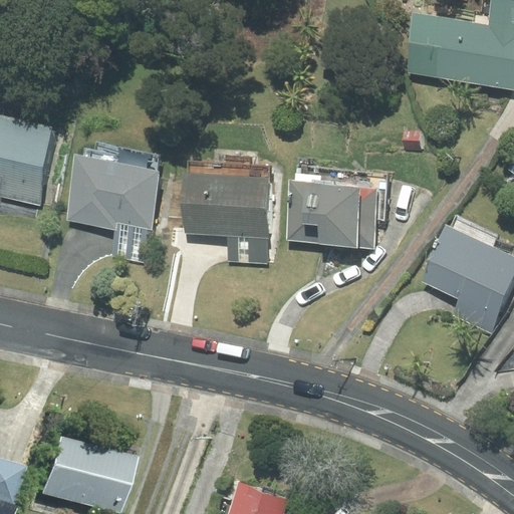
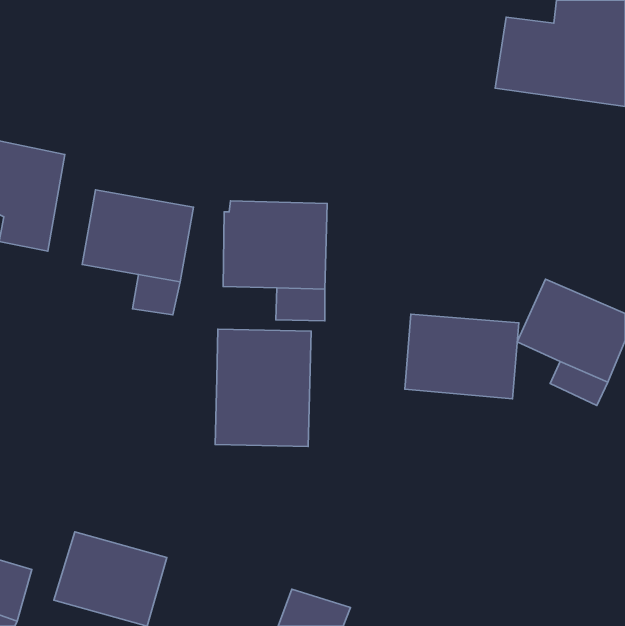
building: [292,180,386,249] -> [405,314,519,399]
building: none -> [215,329,311,446]

